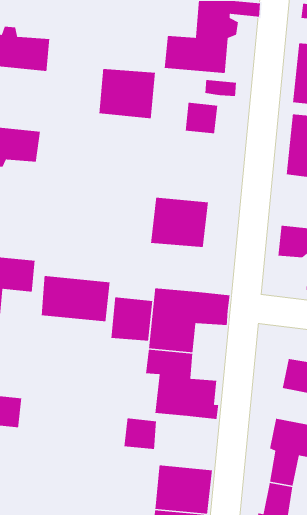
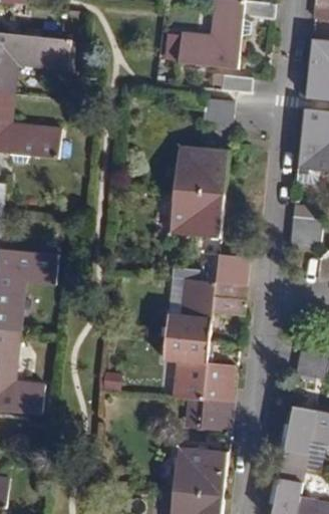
building: [98,68,156,119] -> [173,146,228,195]
building: none -> [215,253,247,284]
building: [41,275,110,322] -> none
building: [110,296,153,342] -> none
building: [124,418,157,450] -> [200,402,232,433]

